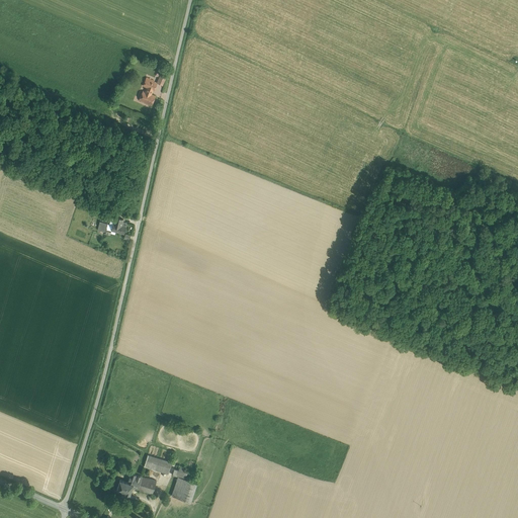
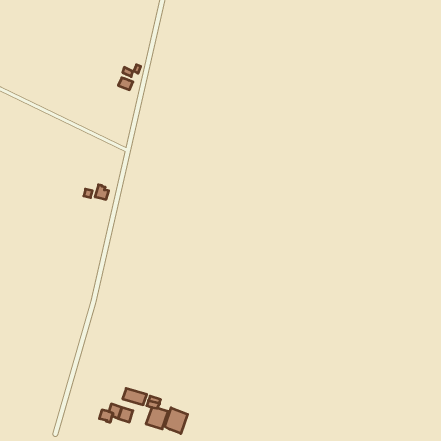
building: none -> [165,408,188,434]

